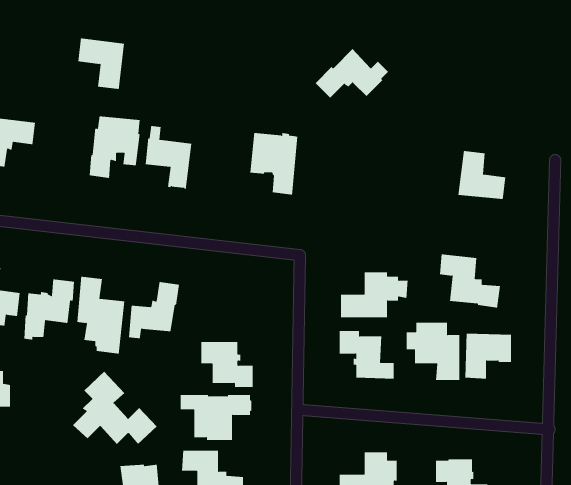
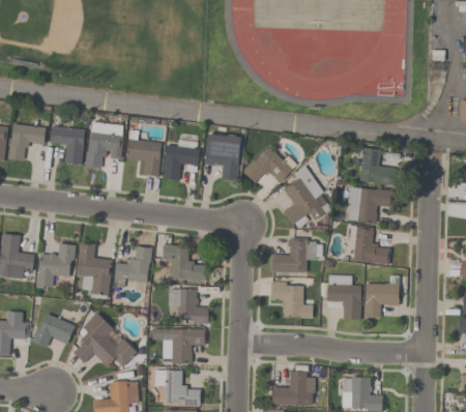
building: [77,38,125,89] -> [51,125,86,164]
building: [315,48,389,98] -> [242,146,297,183]
building: none -> [163,145,200,180]
building: none -> [284,167,331,228]
building: none -> [346,186,391,224]
building: none -> [163,245,208,282]
building: none -> [31,313,76,347]

